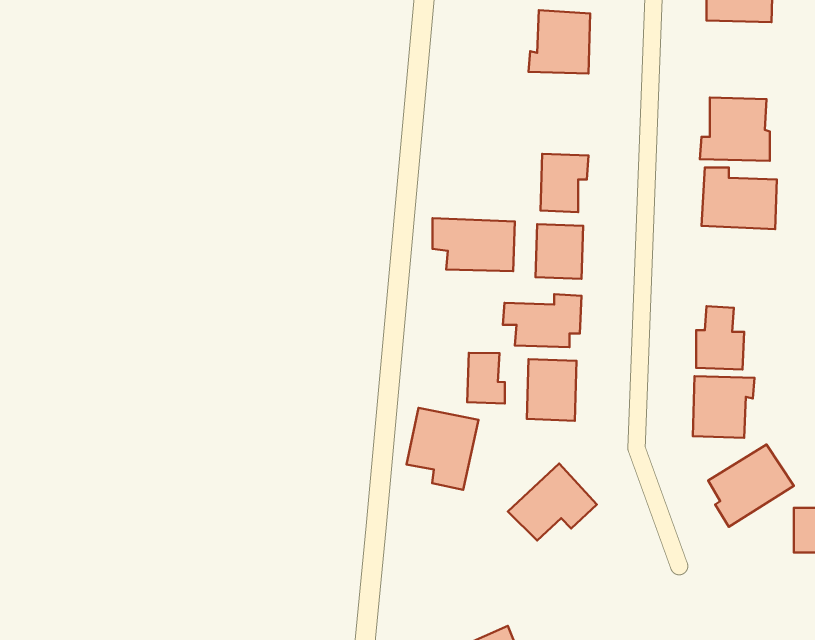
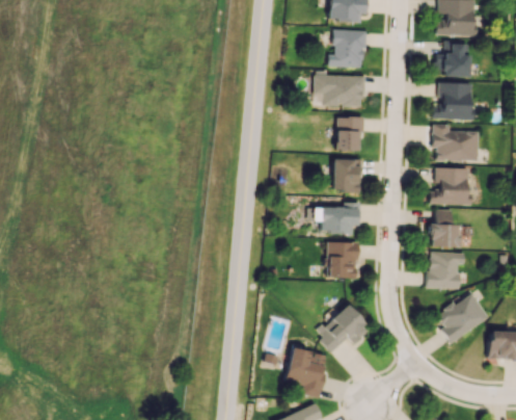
building: none -> [435,41,470,77]
building: [433,218,515,271] -> [314,75,363,107]
building: none -> [430,167,471,205]
building: [467,353,505,403] -> none
building: [407,408,478,490] -> [284,348,328,398]

